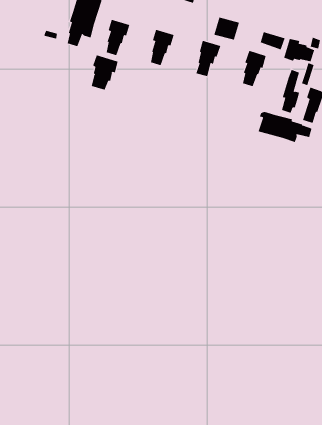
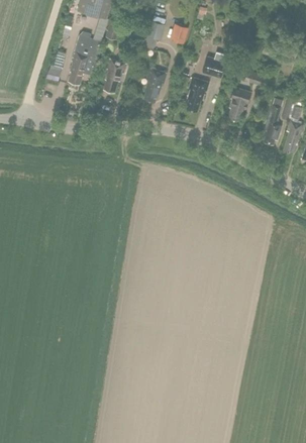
building: [283,38,315,62] -> none
building: [91,55,118,91] -> none
building: [258,111,312,143] -> none

